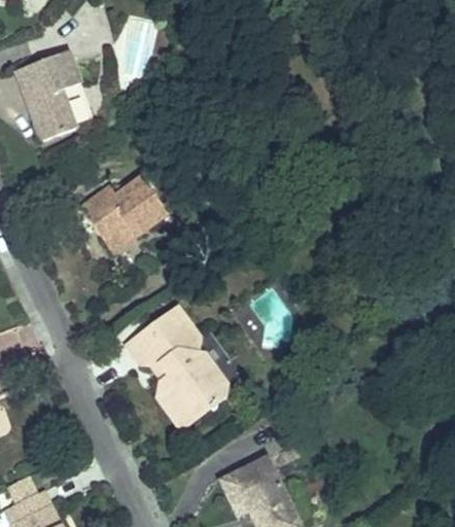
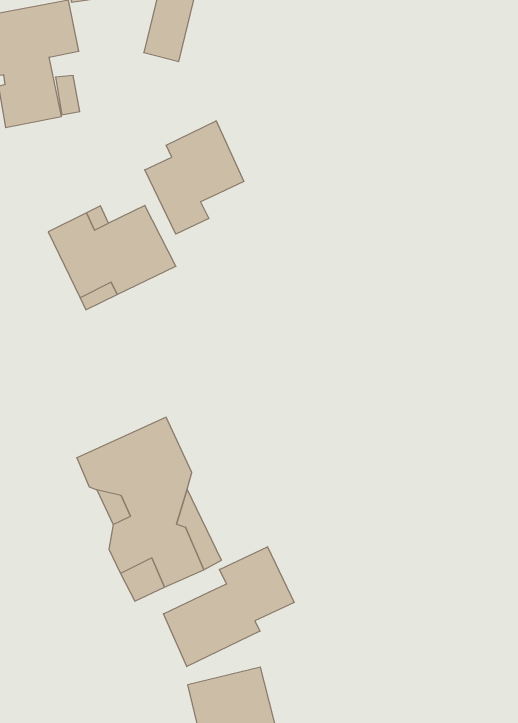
building: none -> [145,121,244,234]
building: none -> [163,547,294,667]

